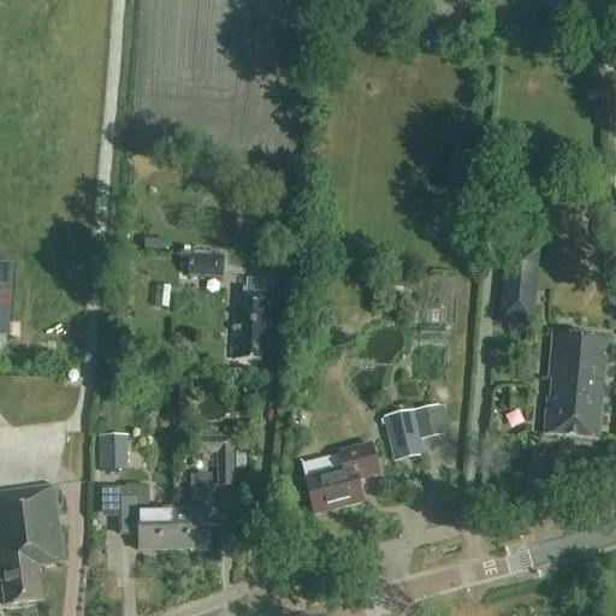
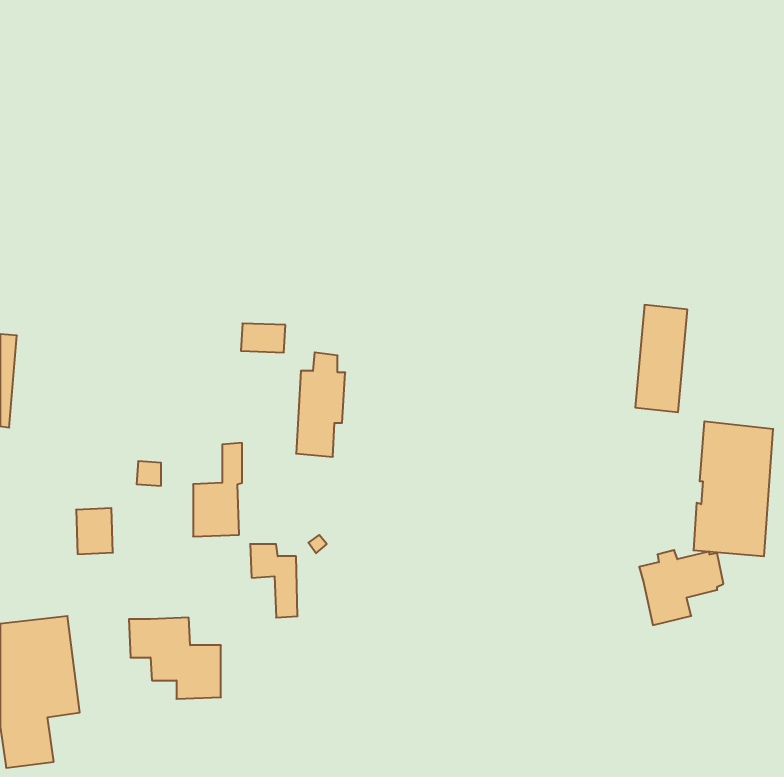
building: [383,403,449,462] -> [639,550,723,625]
building: [99,434,128,470] -> [76,508,113,554]
building: [304,442,378,513] -> none
building: [173,474,212,547] -> [193,443,242,536]

